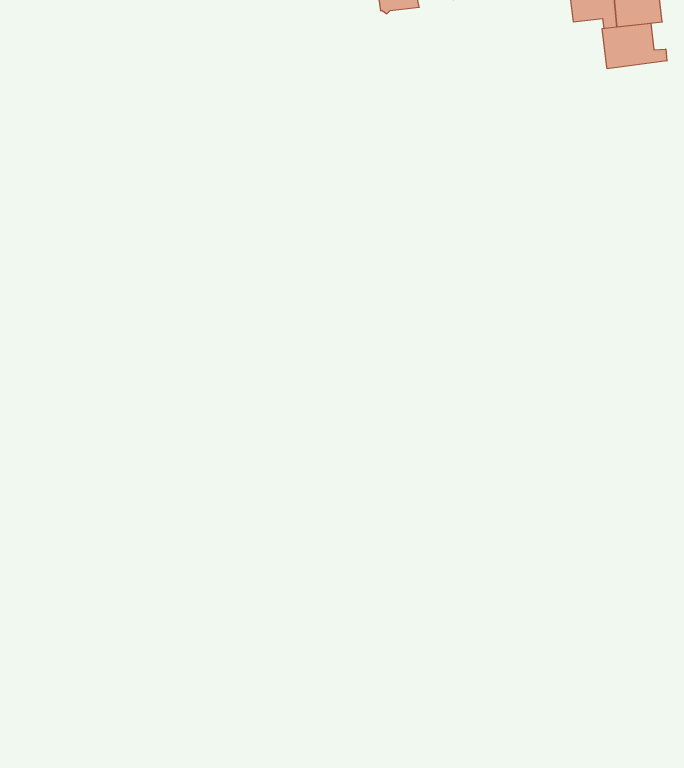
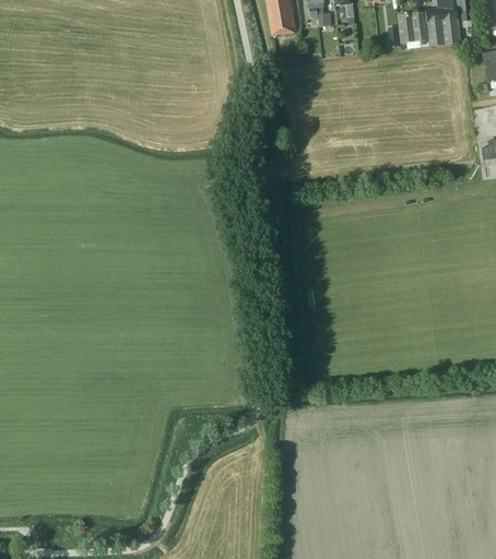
building: [602,23,667,69] -> none

